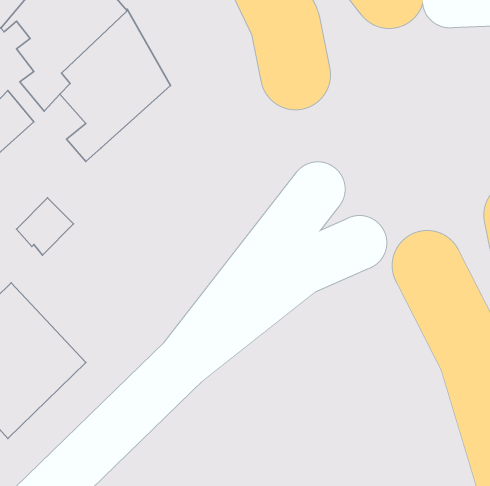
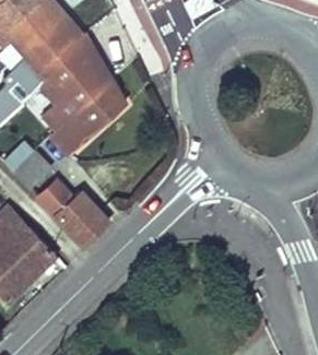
building: none -> [50,80,126,155]
building: none -> [39,180,109,247]

